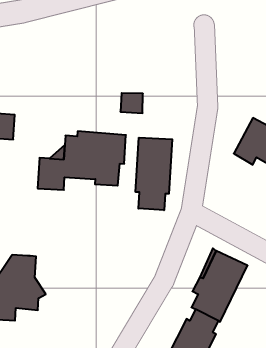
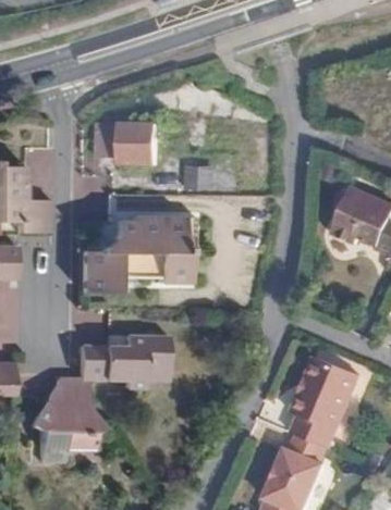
building: none -> [97,124,156,166]
building: [136,138,172,210] -> none
building: none -> [80,335,167,388]

